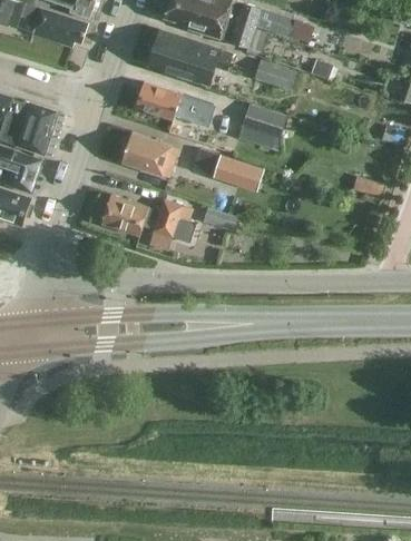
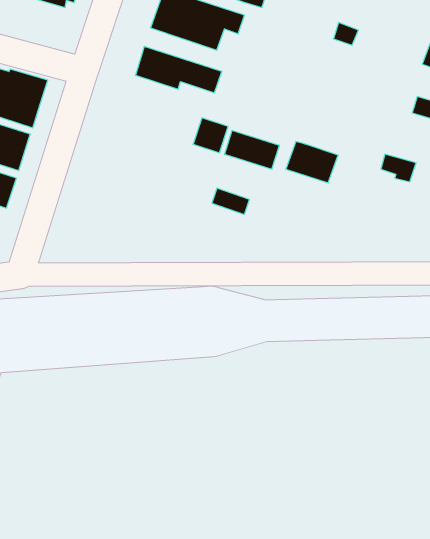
building: [253,60,295,90] -> none
building: [241,104,287,140] -> [286,141,338,183]
building: [120,132,178,177] -> none
building: [100,194,192,236] -> none

